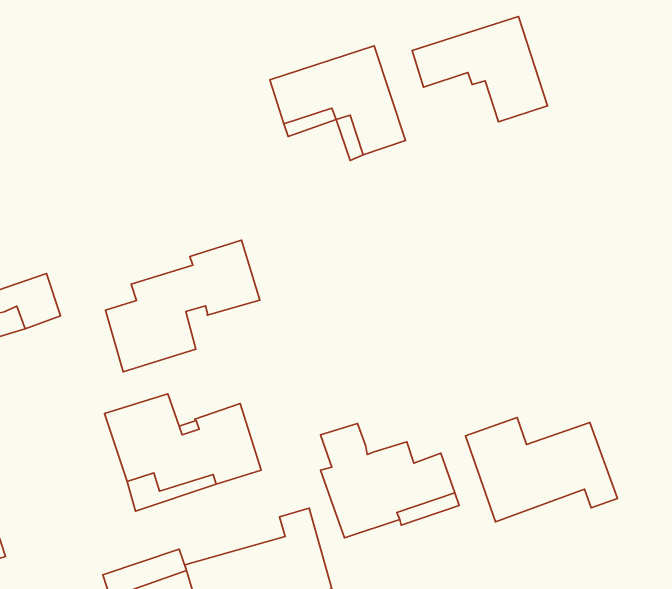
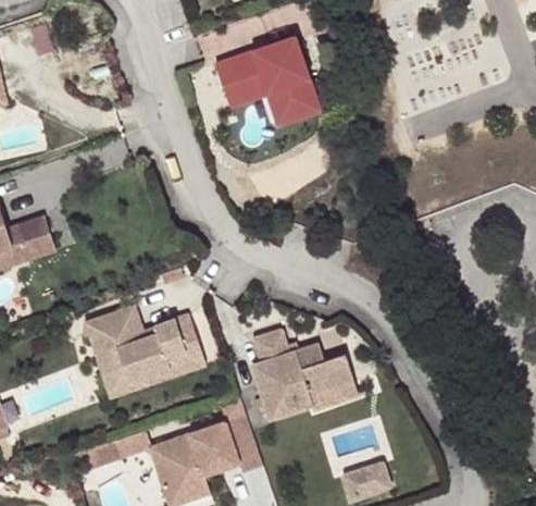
building: [412,16,548,122] -> none
building: [106,240,260,372] -> none
building: [466,418,618,522] -> none

